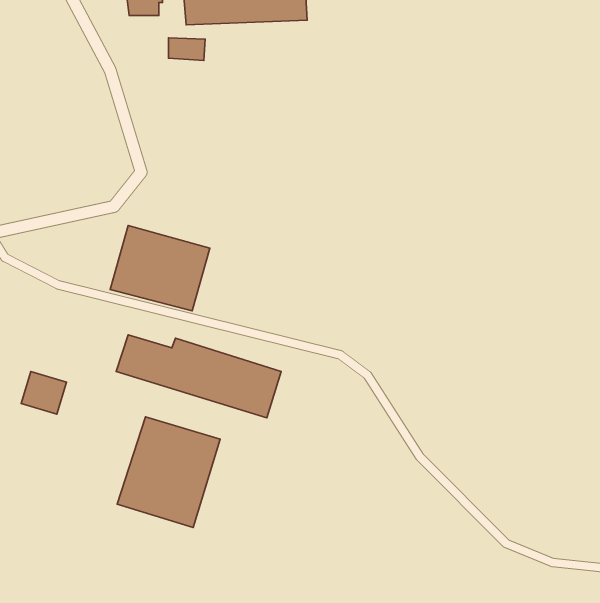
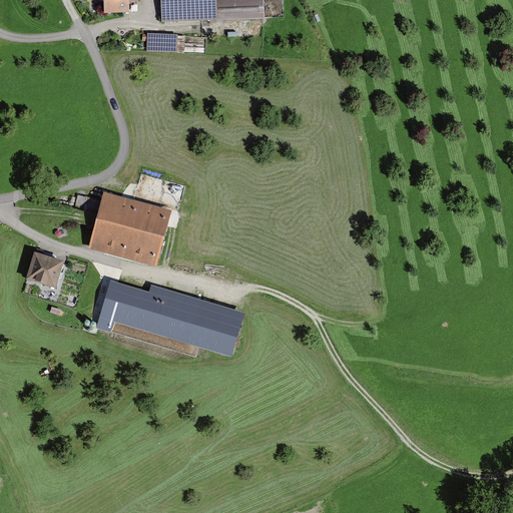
building: [21,371,66,414] -> [21,253,59,290]
building: [117,417,220,527] -> none

